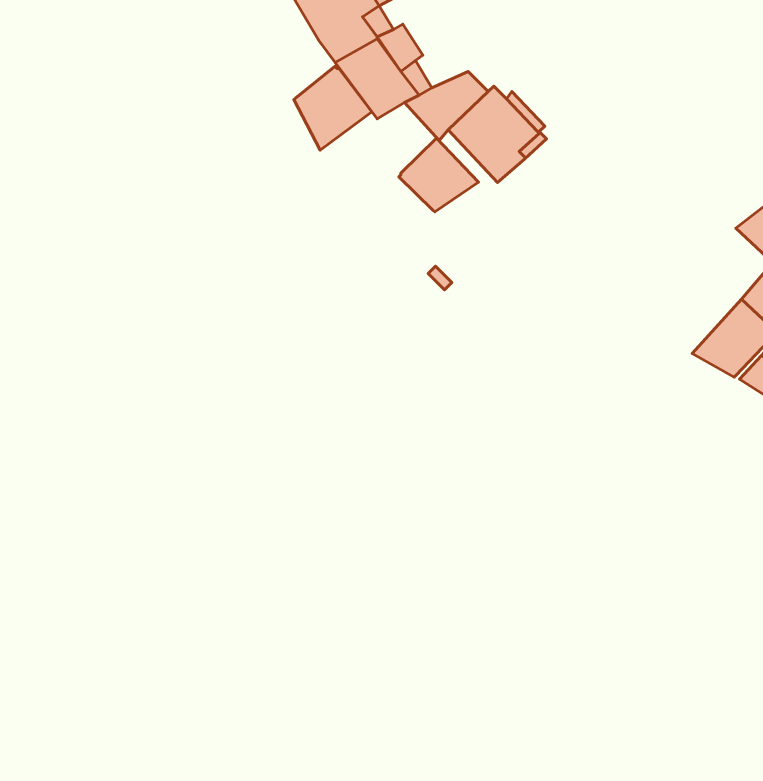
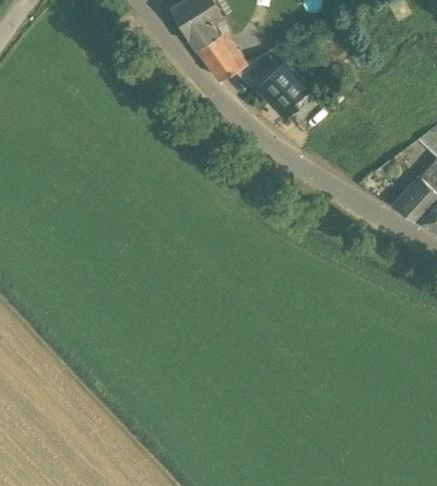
building: [294,66,372,150] -> none
building: [399,138,479,212] -> none

